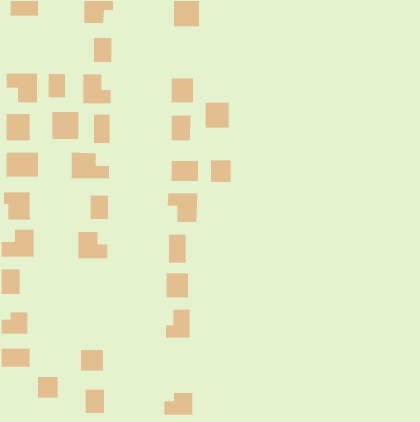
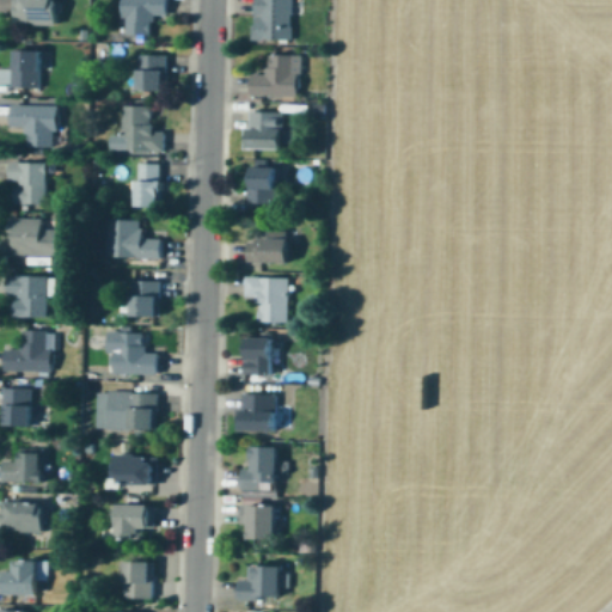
building: none -> [11,50,38,87]
building: none -> [249,54,295,97]
building: [48,73,66,98] -> none
building: [205,102,229,129] -> none
building: [52,111,79,140] -> none
building: [210,160,232,183] -> none
building: none -> [93,393,155,430]
building: none -> [112,455,153,485]
building: none -> [245,500,274,541]
building: [37,376,59,399] -> [5,563,36,595]

